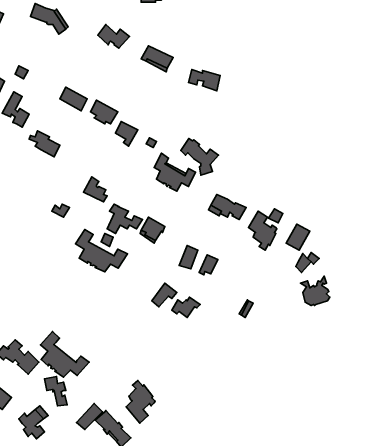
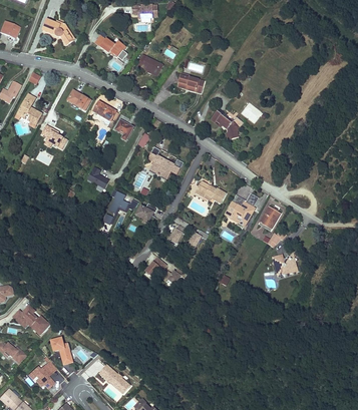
building: [181,139,218,175] -> [211,107,243,138]
building: [76,229,127,272] -> none
building: [41,332,89,377] -> none
building: [126,380,155,423] -> none

